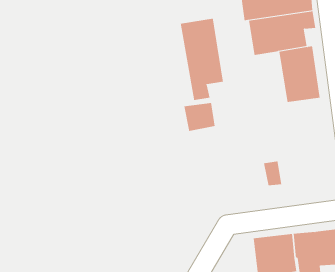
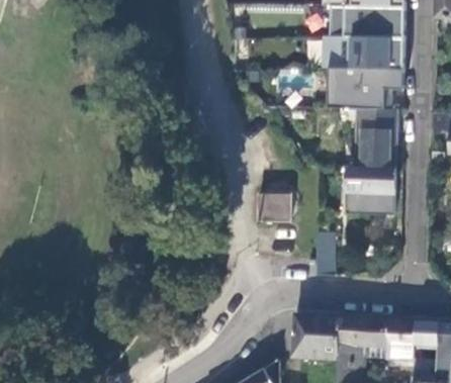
building: [180,18,224,101] -> none
building: none -> [347,168,394,214]
building: [183,102,216,132] -> [257,192,289,221]

